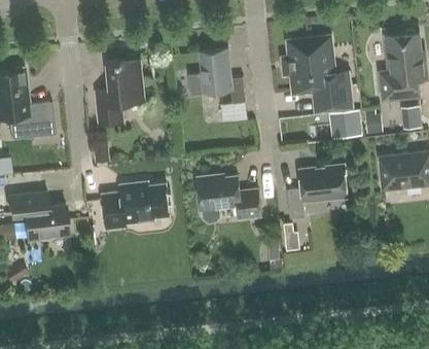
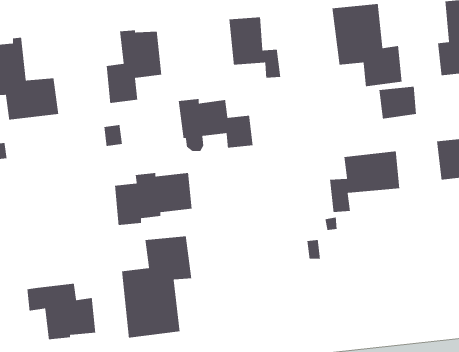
building: [196,175,261,221] -> [178,98,254,152]
building: [9,191,69,241] -> [27,283,96,340]
building: none -> [121,235,192,338]

